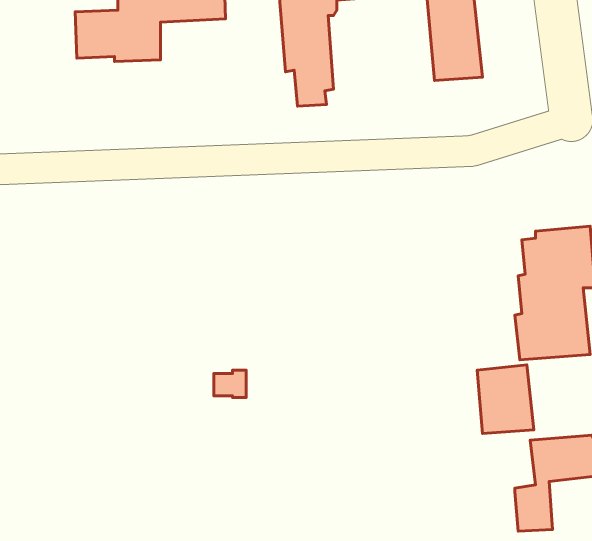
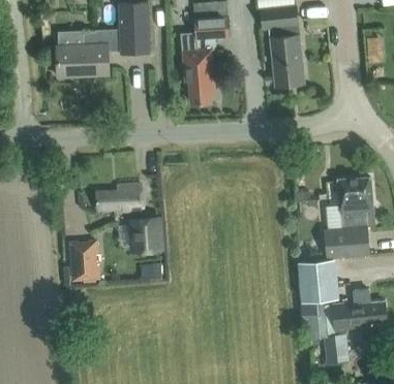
building: none -> [98,186,162,253]
building: none -> [69,238,101,281]
building: none -> [304,299,324,338]

